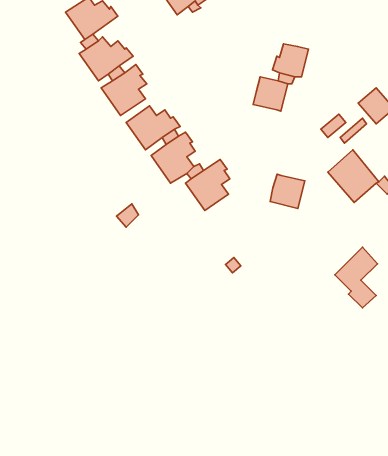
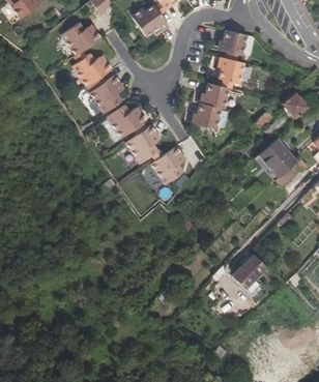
building: none -> [221,30,247,56]
building: [270,174,305,209] -> [195,102,221,128]
building: [335,247,378,308] -> [233,255,265,300]

